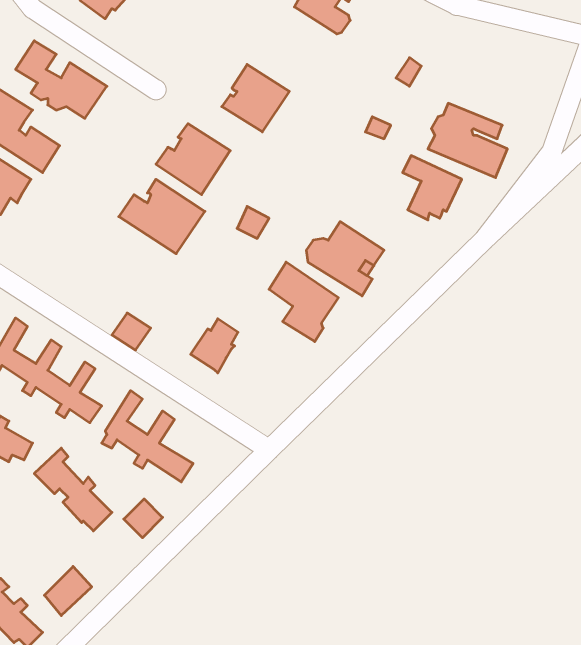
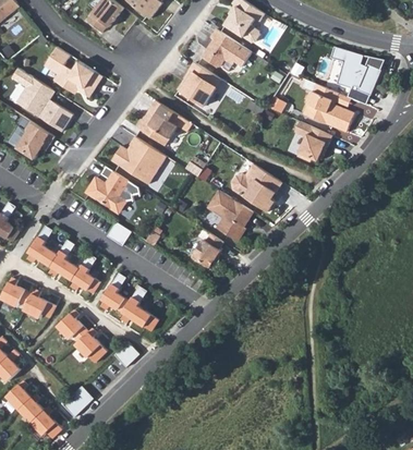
building: none -> [201,29,251,68]
building: none -> [330,47,380,95]
building: none -> [85,171,127,212]
building: [191,319,238,373] -> [192,233,222,268]

